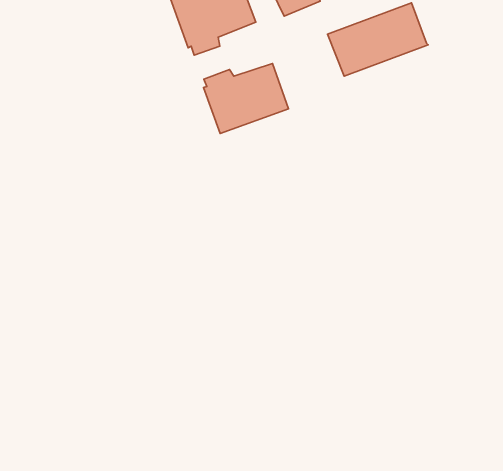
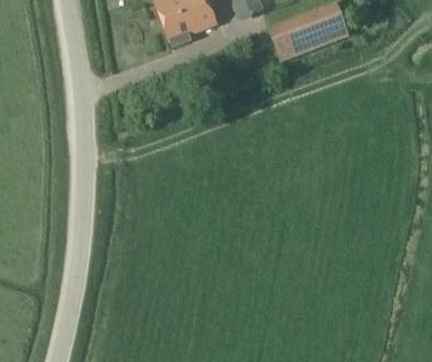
building: [204,63,288,134] -> none

